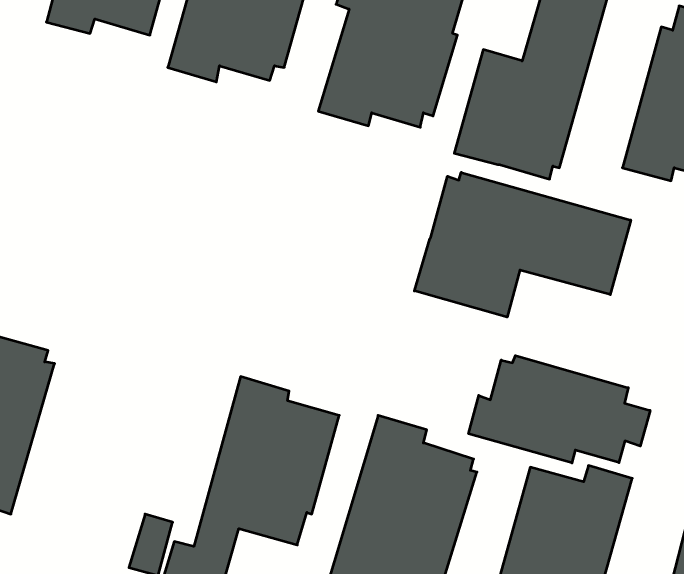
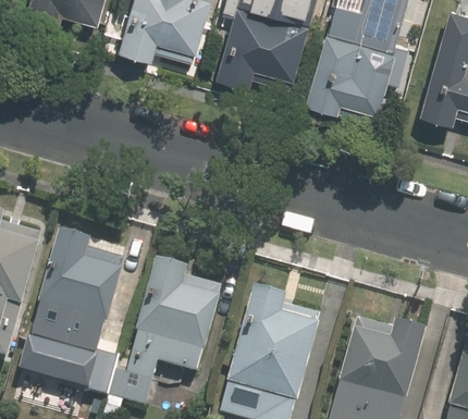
building: [414,172,631,317] -> none
building: none -> [24,230,123,367]
building: [469,356,650,463] -> none

